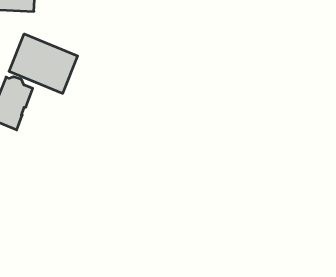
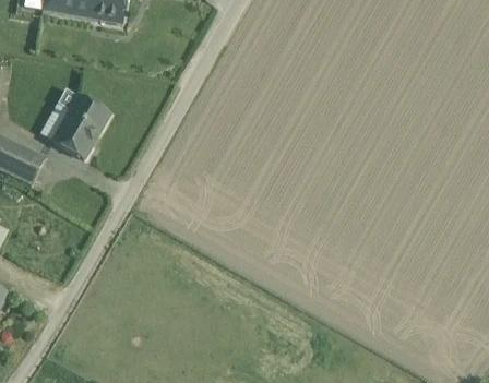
building: [9,34,78,93] -> none

